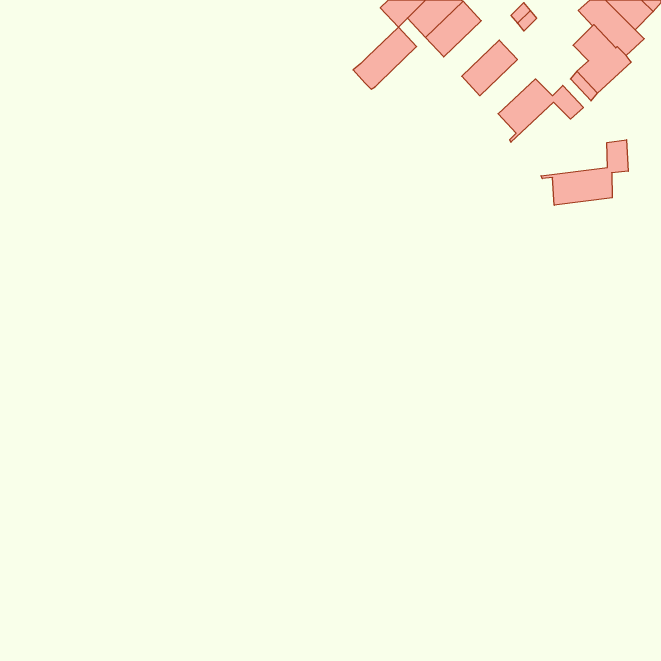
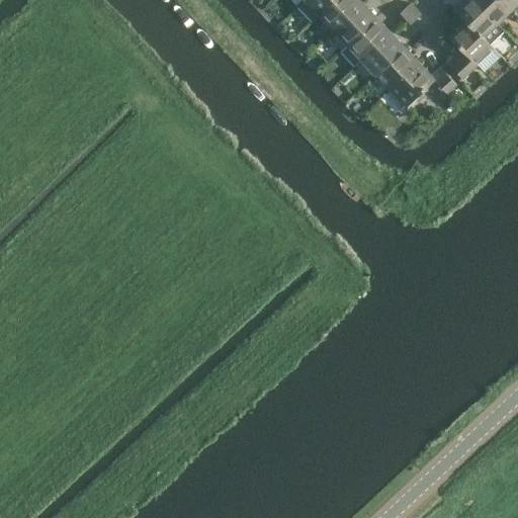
building: [353,27,417,89] -> [341,16,391,65]
building: none -> [375,47,419,89]
building: [541,140,628,205] -> none

